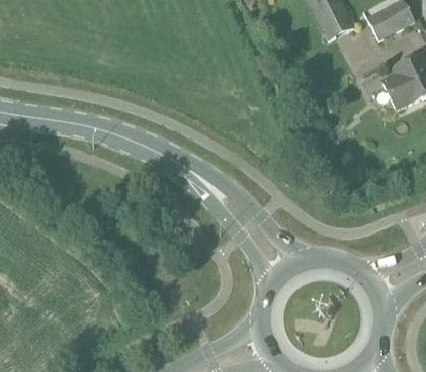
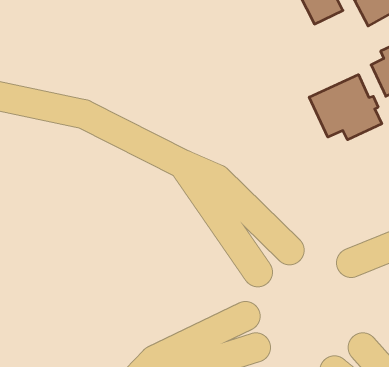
building: none -> [309,75,382,140]

